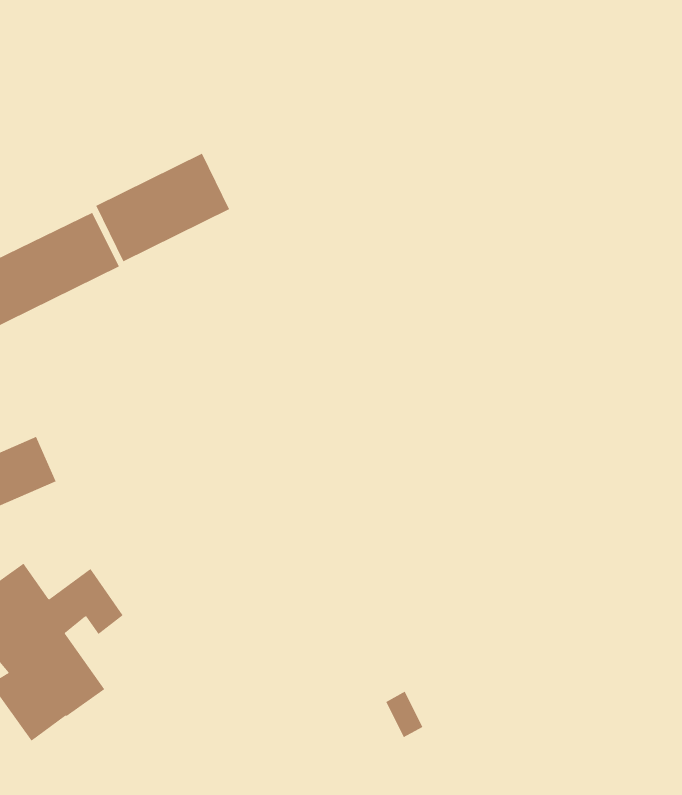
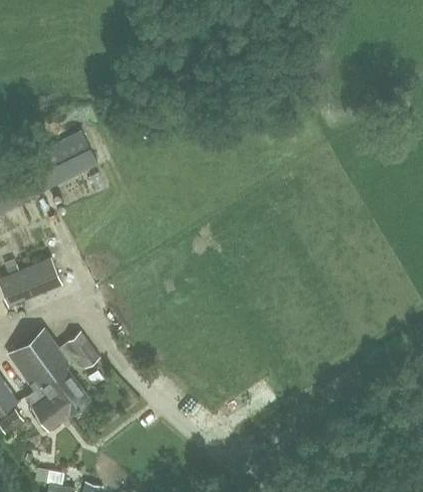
building: [95,153,230,262] -> none

